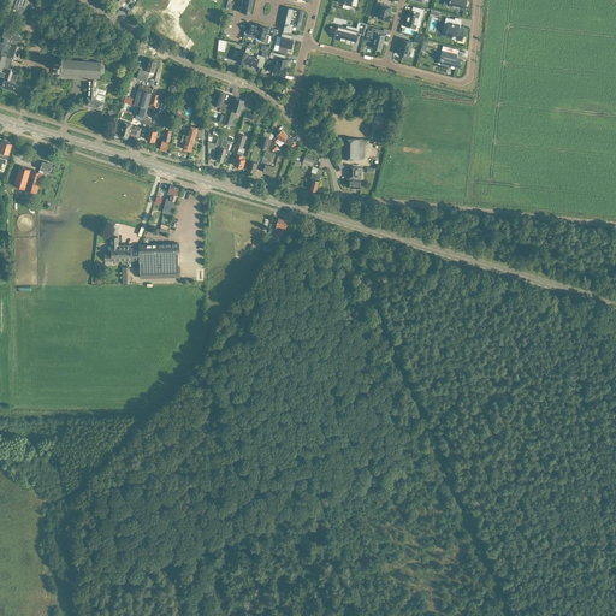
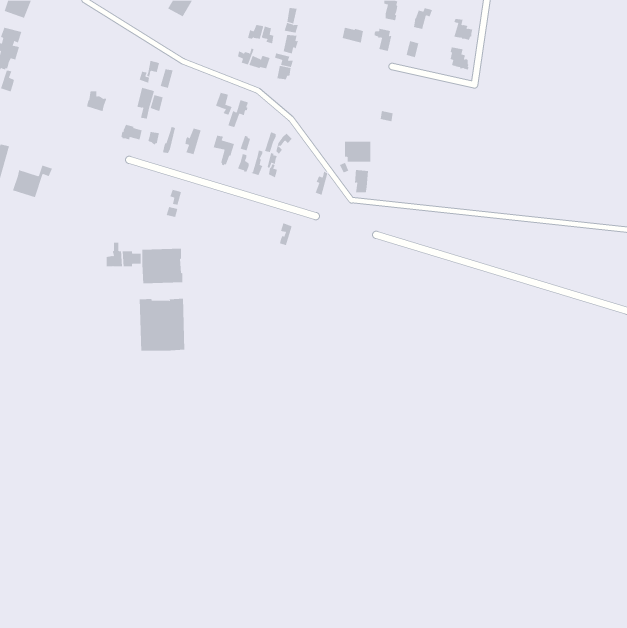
building: [52,54,103,79] -> none
building: none -> [139,298,185,351]

